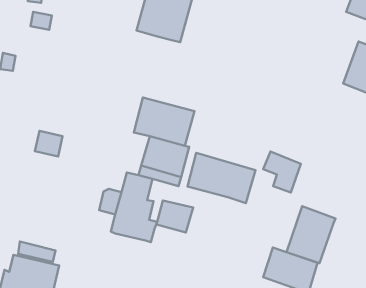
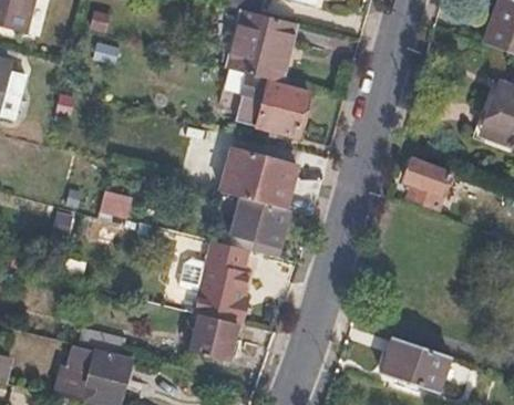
building: none -> [236,73,310,136]
building: [263,151,301,192] -> [403,156,450,207]
building: [187,153,256,203] -> none
building: [156,200,193,233] -> [189,318,235,357]
building: [287,206,336,263] -> none

